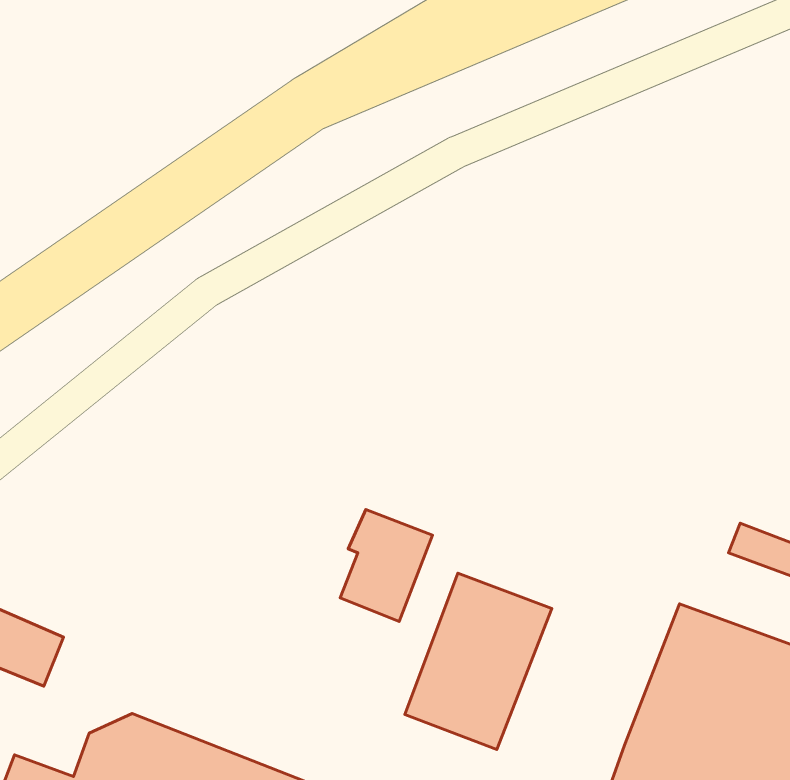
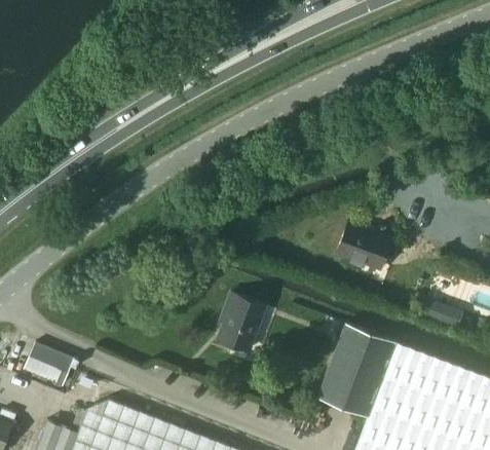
building: none -> [336,222,392,270]
building: [405,573,552,750] -> [318,324,395,416]

